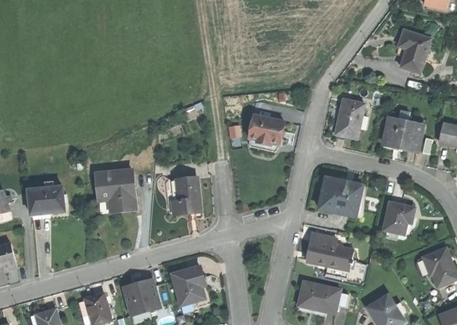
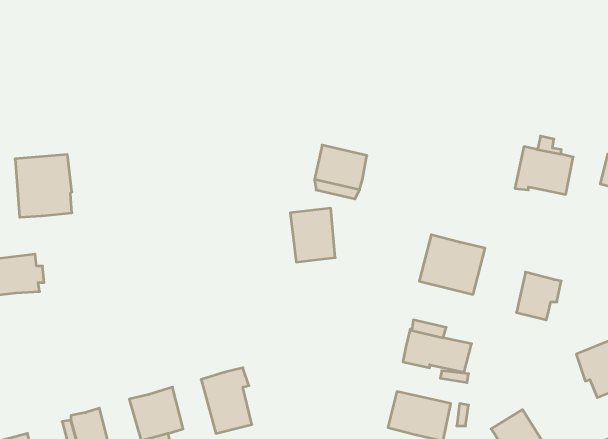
building: [396,31,430,73] -> none
building: [335,97,363,136] -> none
building: [96,171,134,213] -> [15,155,72,217]
building: [171,178,201,214] -> [290,208,335,262]

